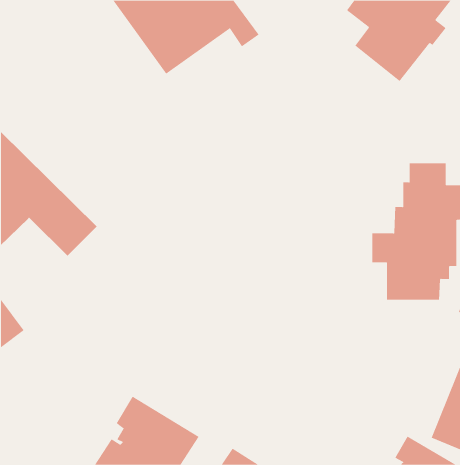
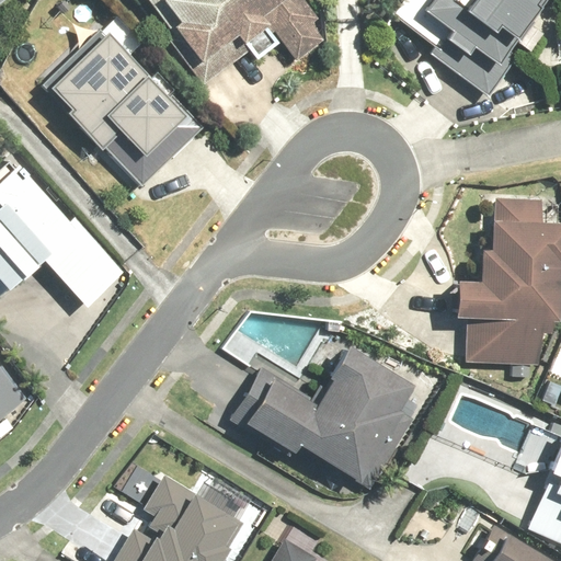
building: none -> [46,26,202,182]
building: none -> [241,345,423,491]

